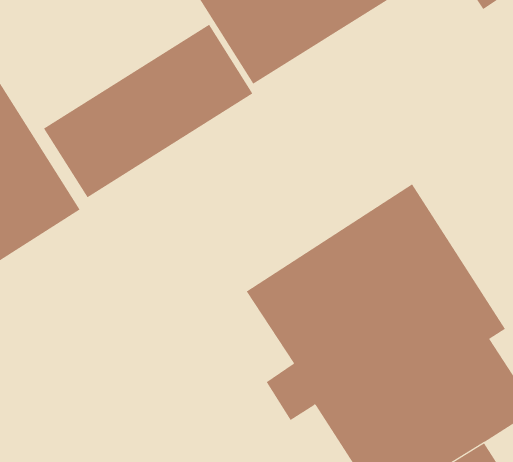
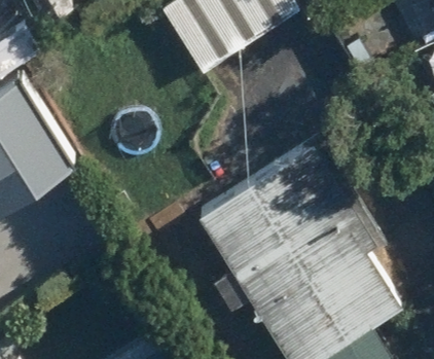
building: [43,24,253,198] -> none

